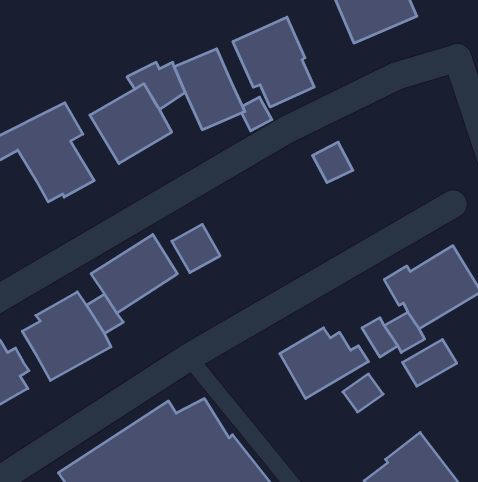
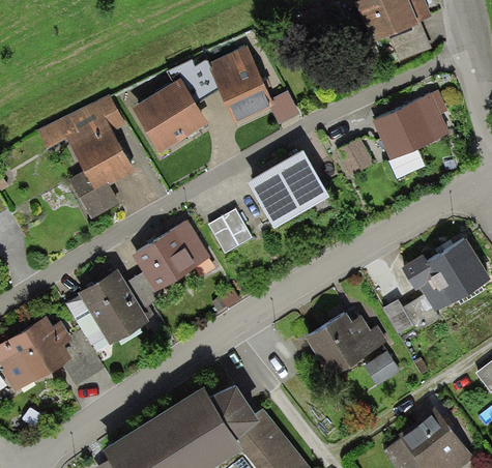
building: [233,17,314,107] -> none
building: none -> [390,28,432,65]
building: none -> [372,88,450,156]
building: none -> [248,152,328,229]
building: none -> [68,174,118,222]
building: [402,339,457,386] -> none
building: none -> [64,332,105,386]

